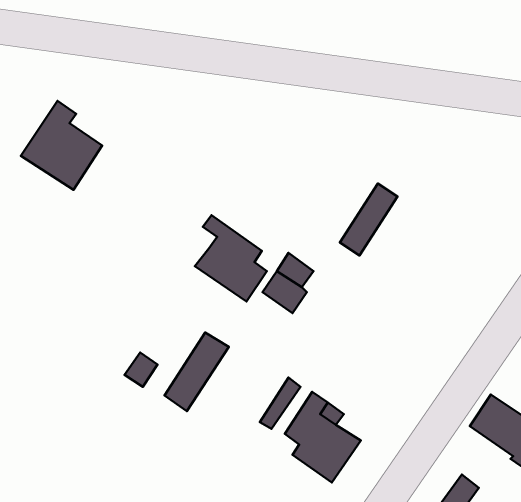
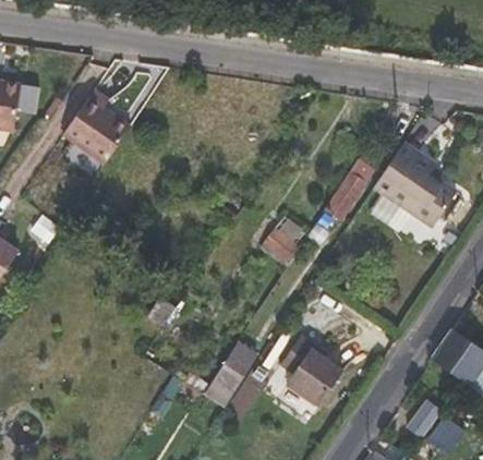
building: none -> [373,142,456,227]
building: [195,215,267,301] -> none
building: [165,332,229,411] -> [204,343,257,409]

